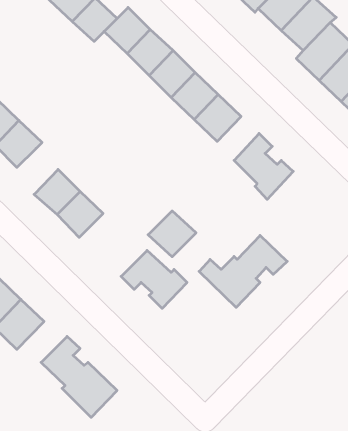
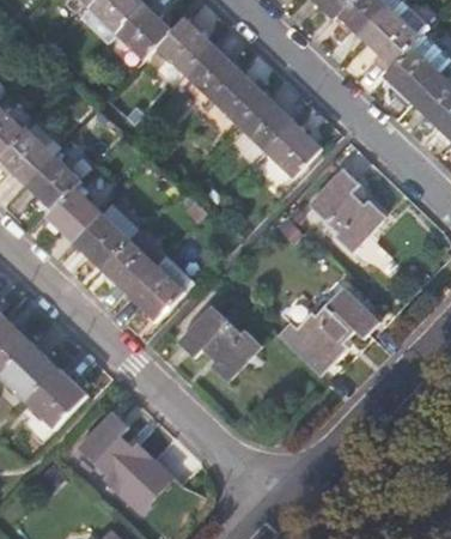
building: none -> [47,186,100,241]
building: [148,211,196,257] -> [126,264,183,319]

